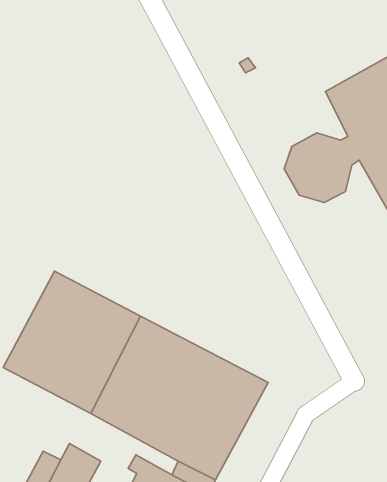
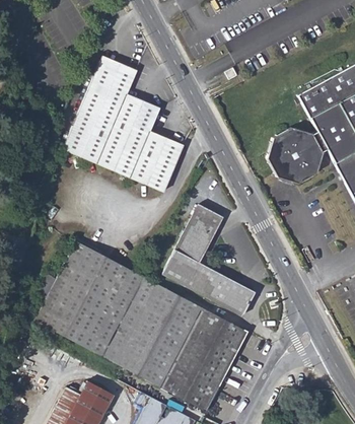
building: none -> [64,53,185,190]
building: none -> [163,205,255,316]

